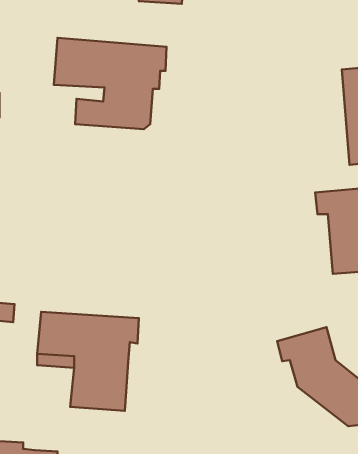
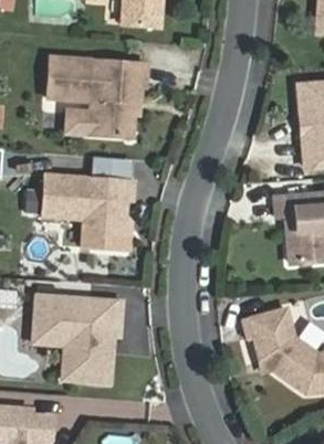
building: none -> [43,175,136,250]

